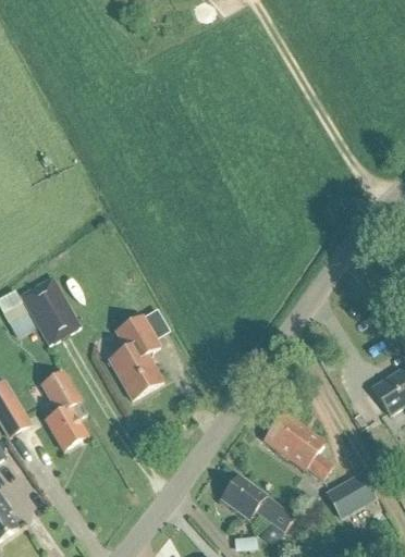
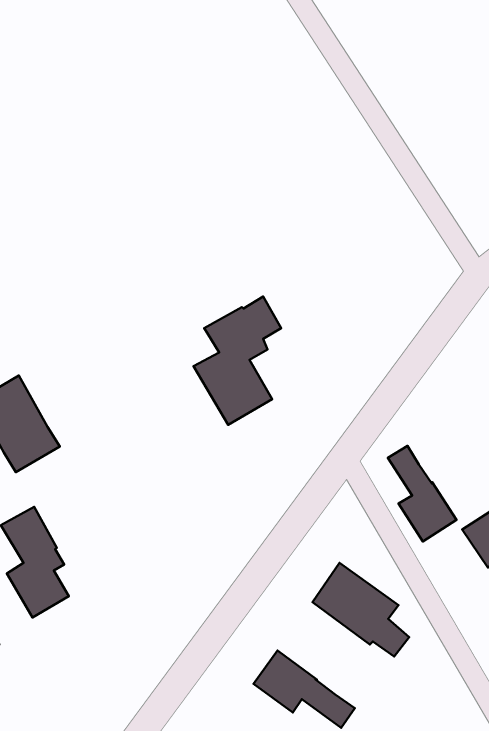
building: [107,308,170,400] -> [193,296,281,425]
building: none -> [388,446,456,541]
building: [323,470,375,517] -> none

